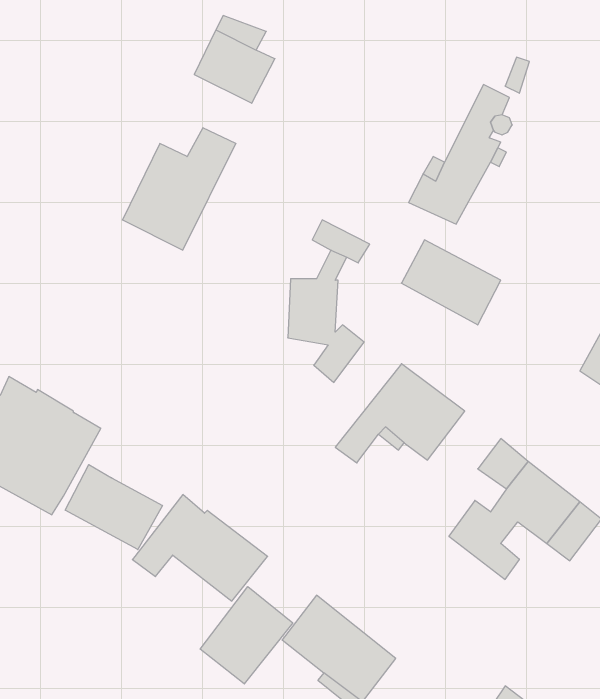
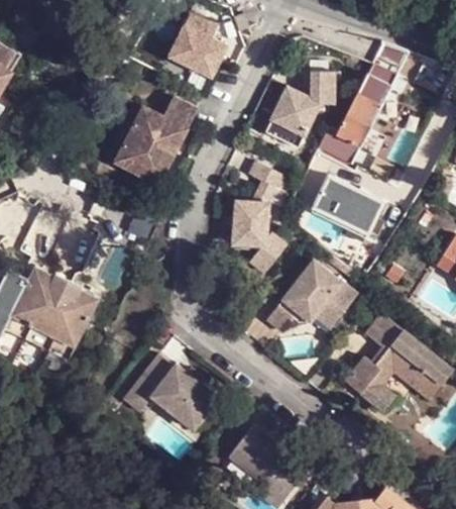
building: none -> [264,71,334,148]
building: [65,465,162,550] -> none
building: [200,587,293,684] -> none

